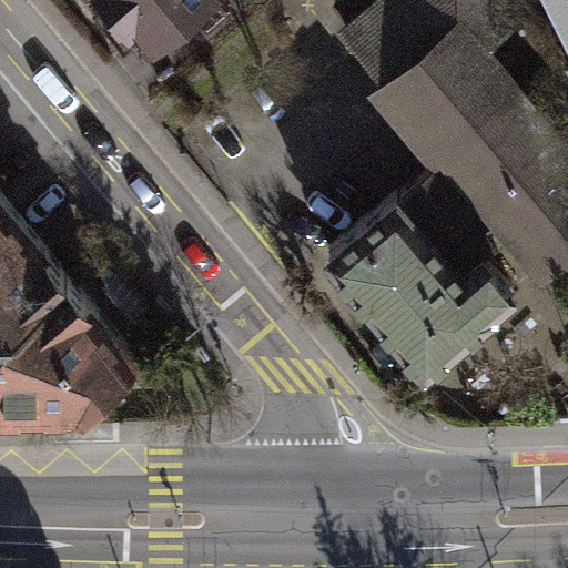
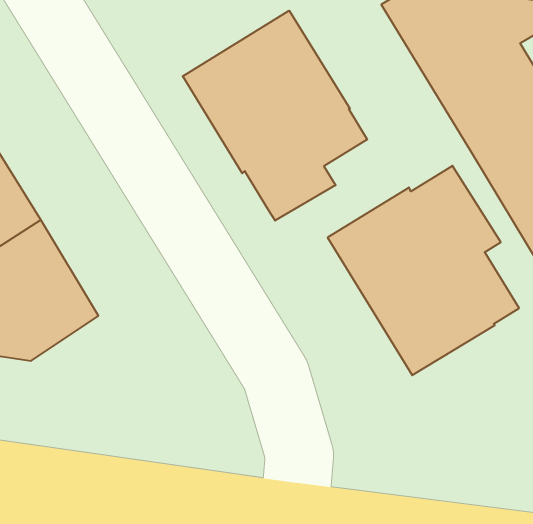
building: none -> [183,11,367,221]

